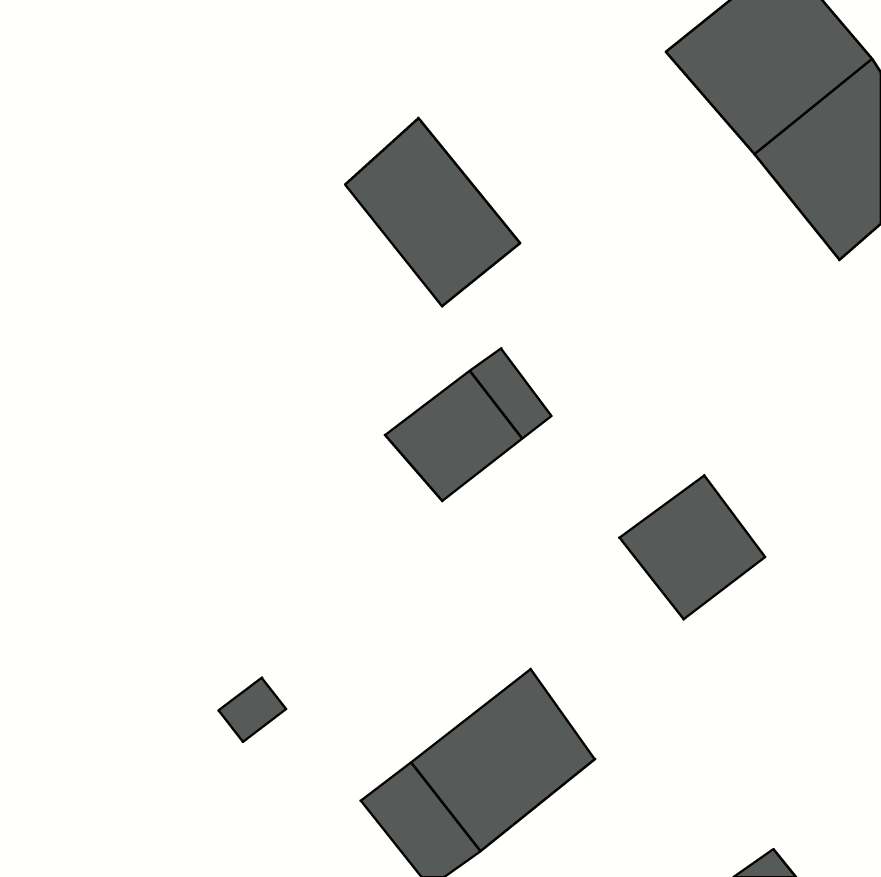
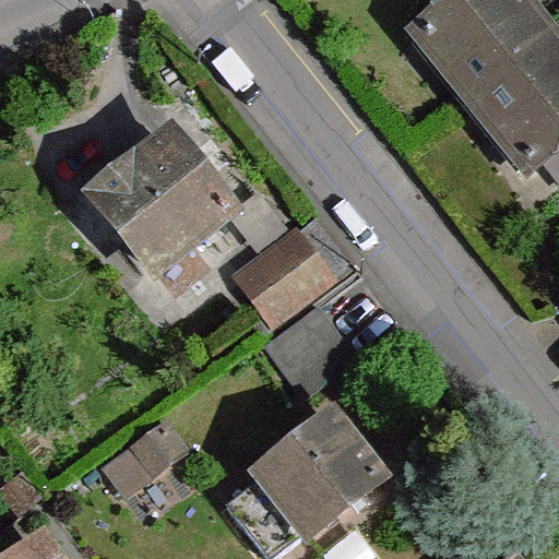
building: [345,118,520,306] -> none
building: none -> [94,146,228,270]
building: [619,475,765,619] -> [265,307,357,397]

